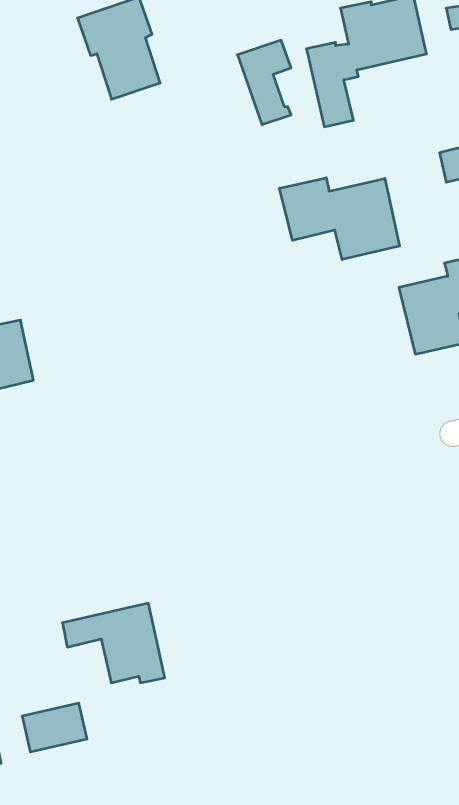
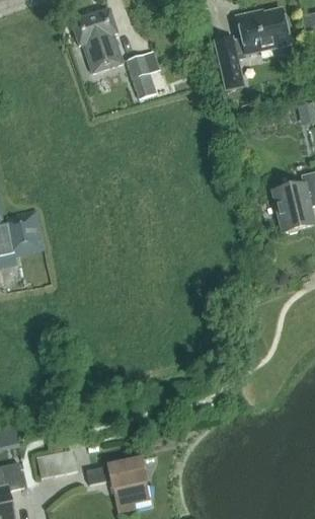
building: [237,40,291,125] -> [127,51,160,103]
building: [280,178,400,260] -> none
building: [62,603,165,683] -> [86,457,150,507]

